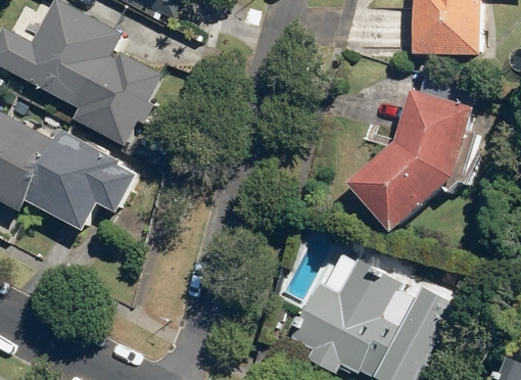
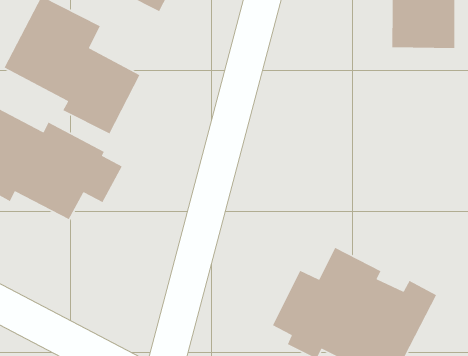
building: [346,74,476,231] -> none

